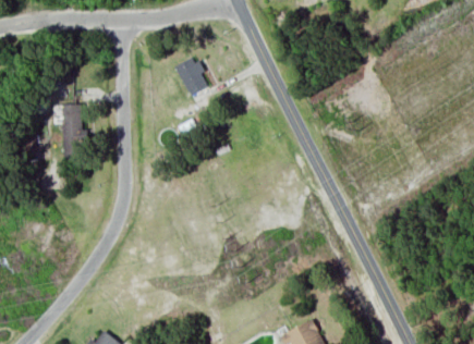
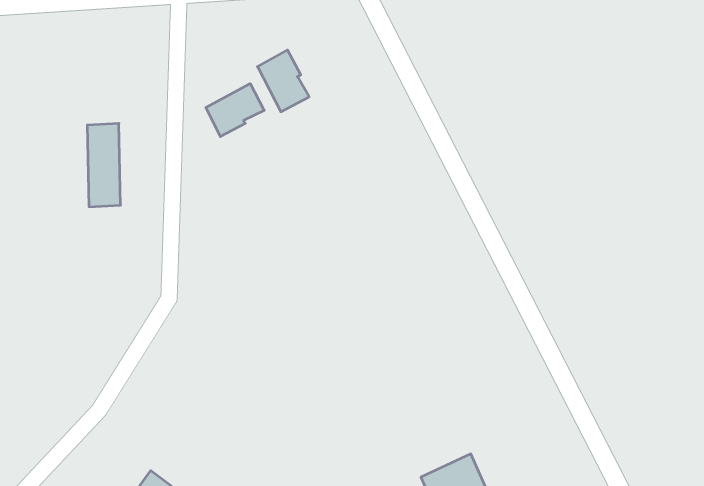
building: none -> [206,84,264,137]

